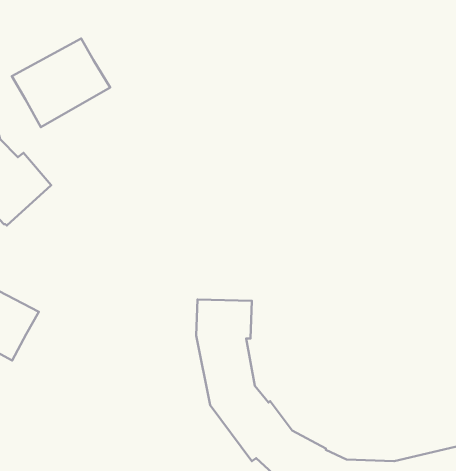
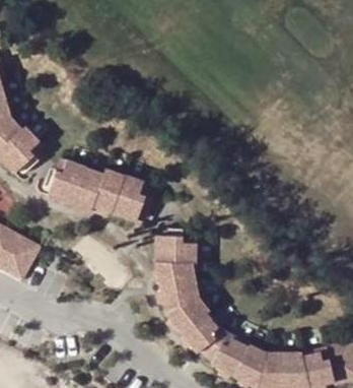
building: [12,38,110,127] -> none
building: none -> [51,160,153,223]

